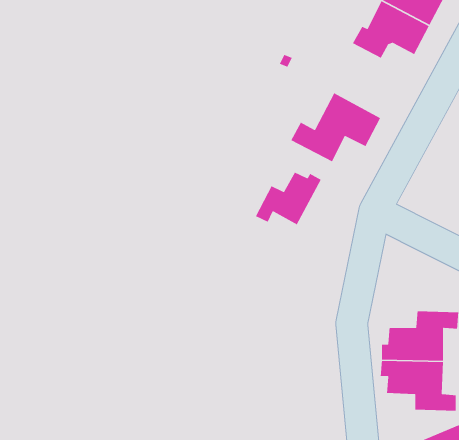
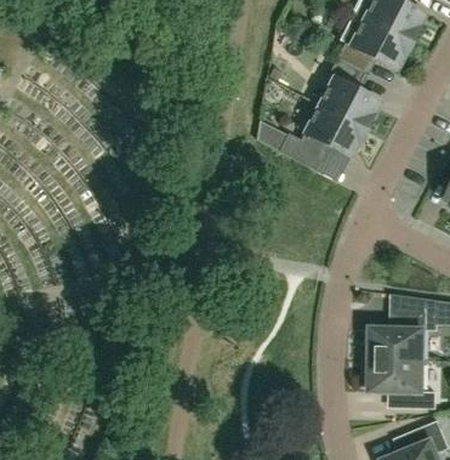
building: none -> [319,58,378,129]
building: [255,172,322,226] -> none

